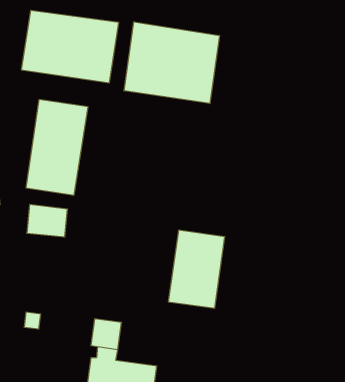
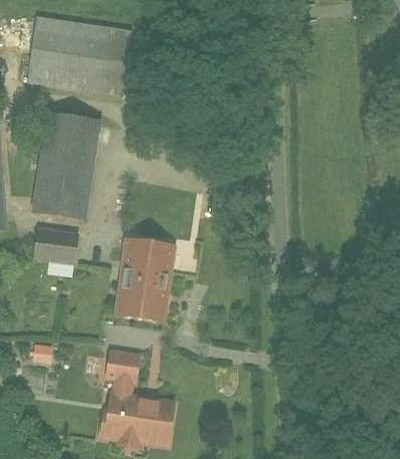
building: [124,22,219,104] -> none
building: [168,230,225,308] -> [113,238,174,322]

